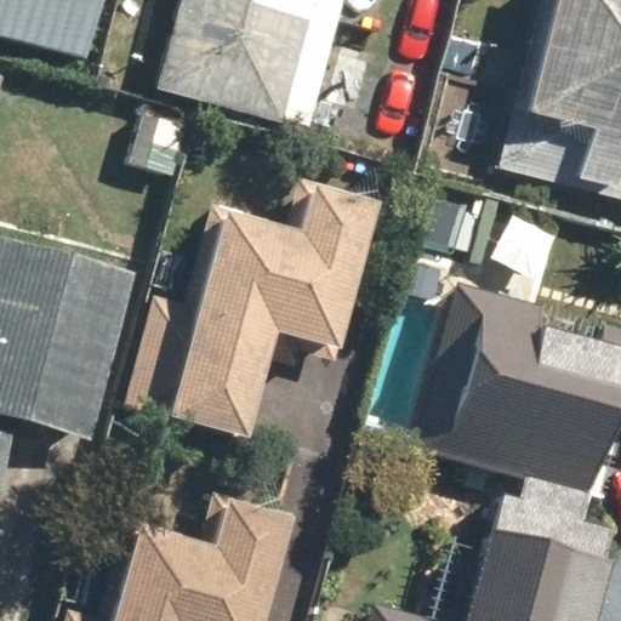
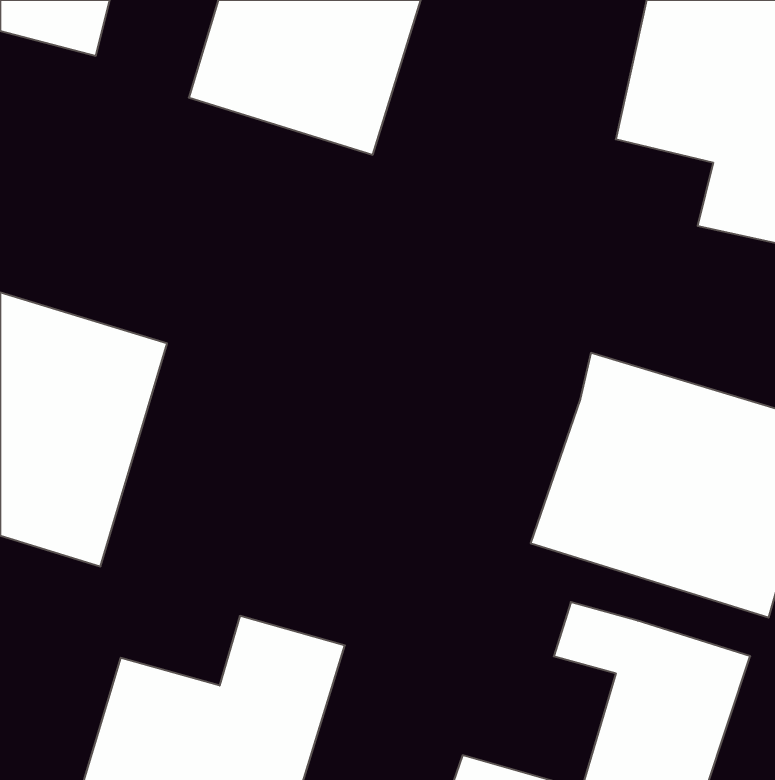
building: [175,187,377,414] -> none

